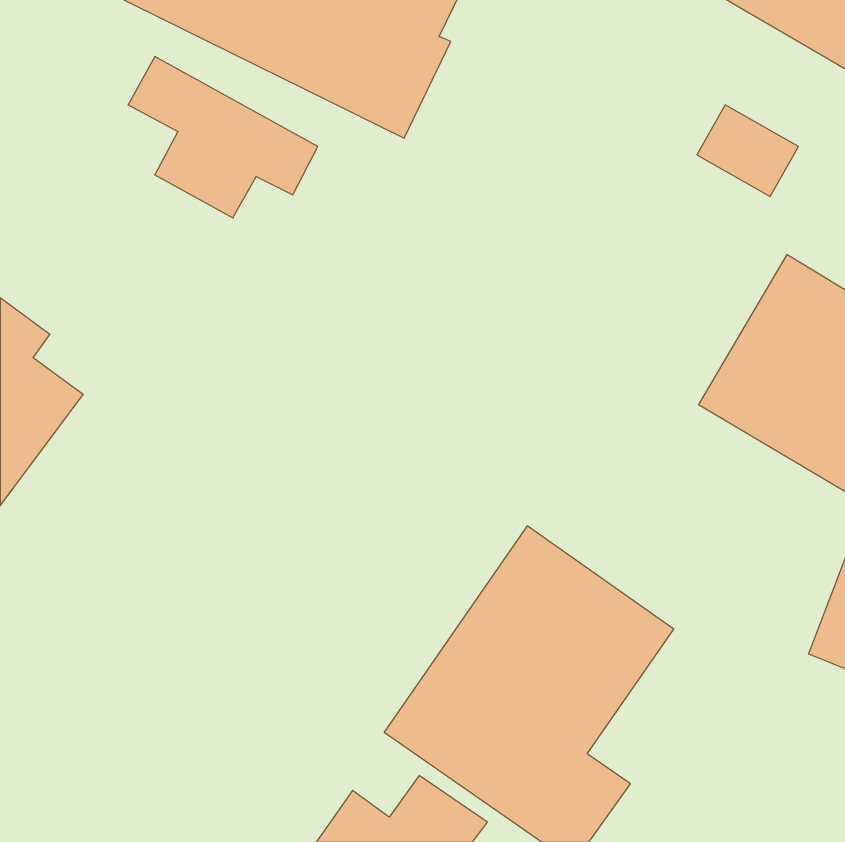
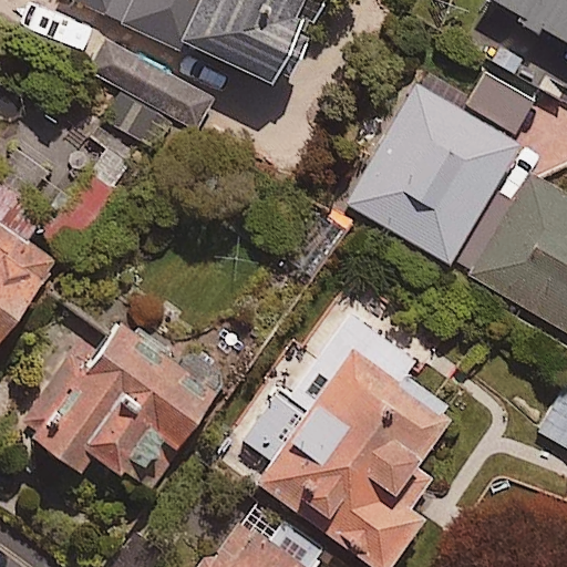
building: none -> [346,82,519,264]
building: none -> [12,324,217,484]

